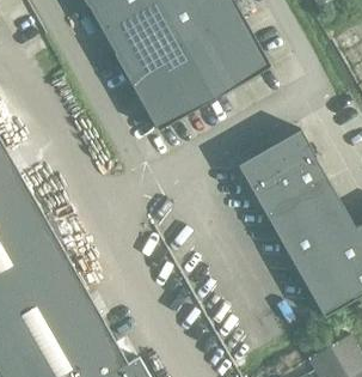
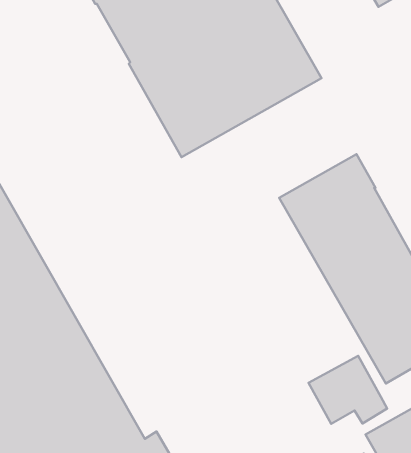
building: none -> [308,356,387,424]

